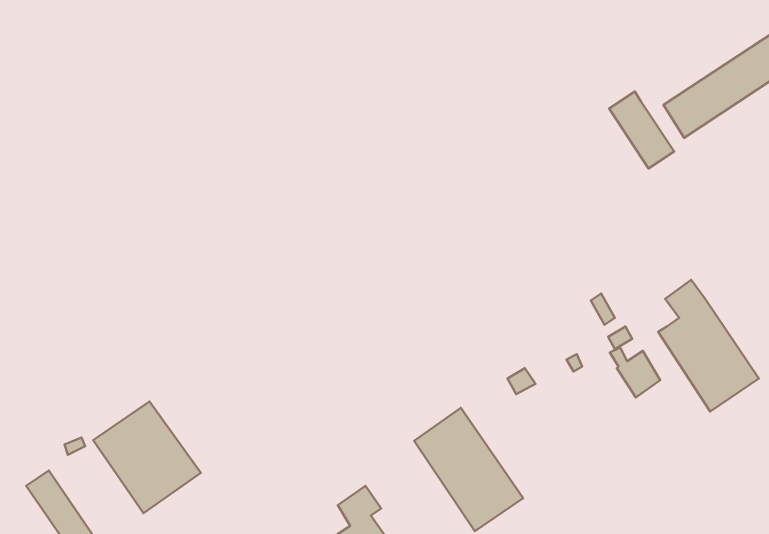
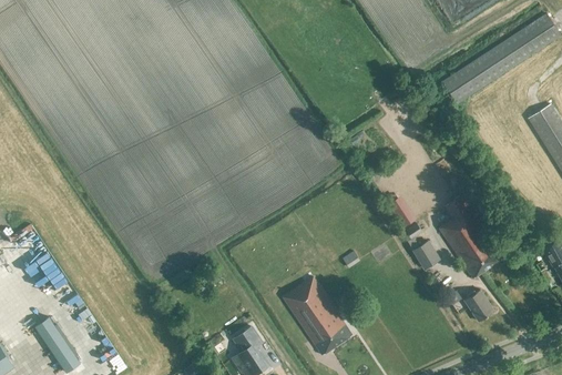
building: [609,92,674,169] -> none
building: [93,402,201,513] -> none
building: none -> [464,290,494,321]

